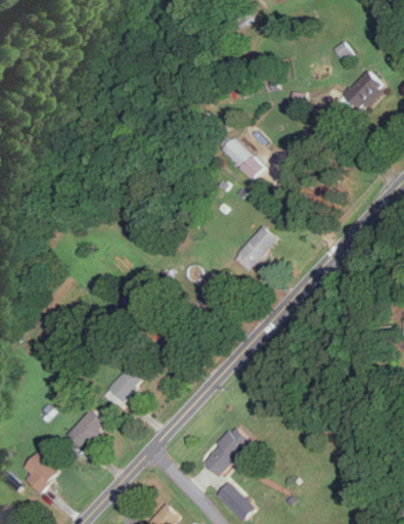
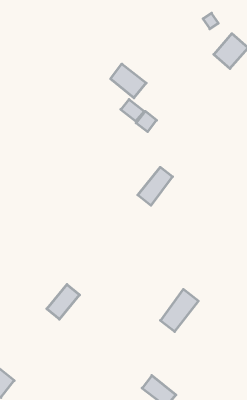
building: none -> [111,64,146,98]
building: [64,408,106,450] -> none
building: [201,427,251,478] -> [160,289,198,332]

